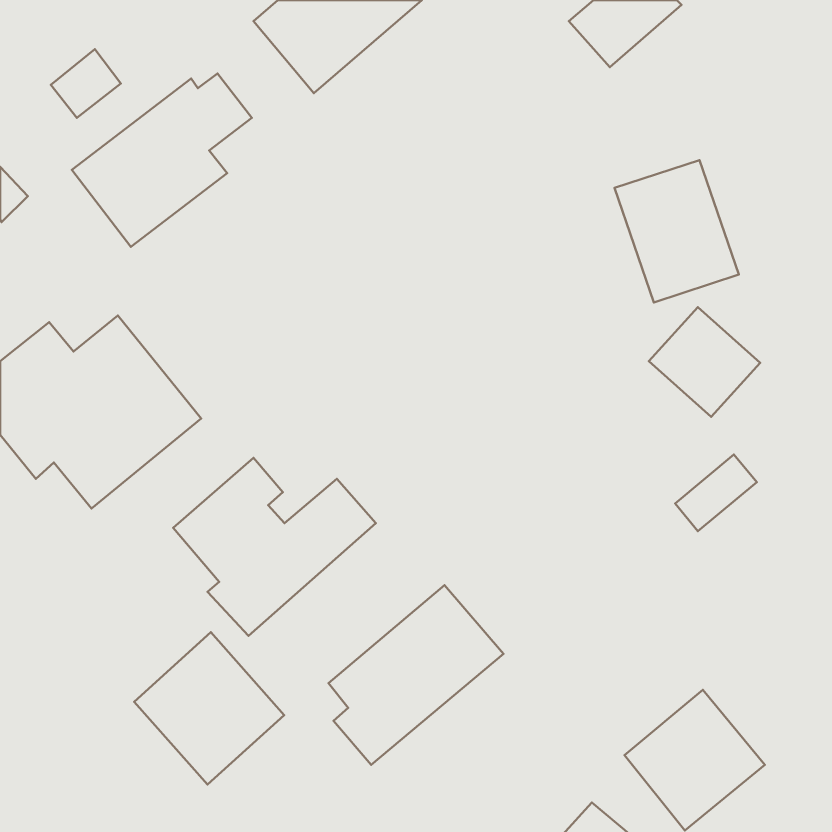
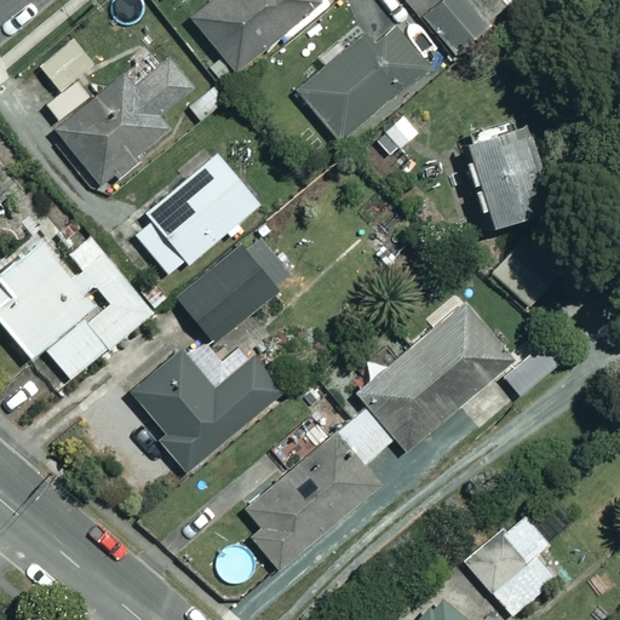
building: none -> [297,18,427,143]
building: none -> [136,155,258,276]
building: none -> [174,230,294,343]
building: none -> [338,300,516,464]
building: [134,632,284,785] -> none

